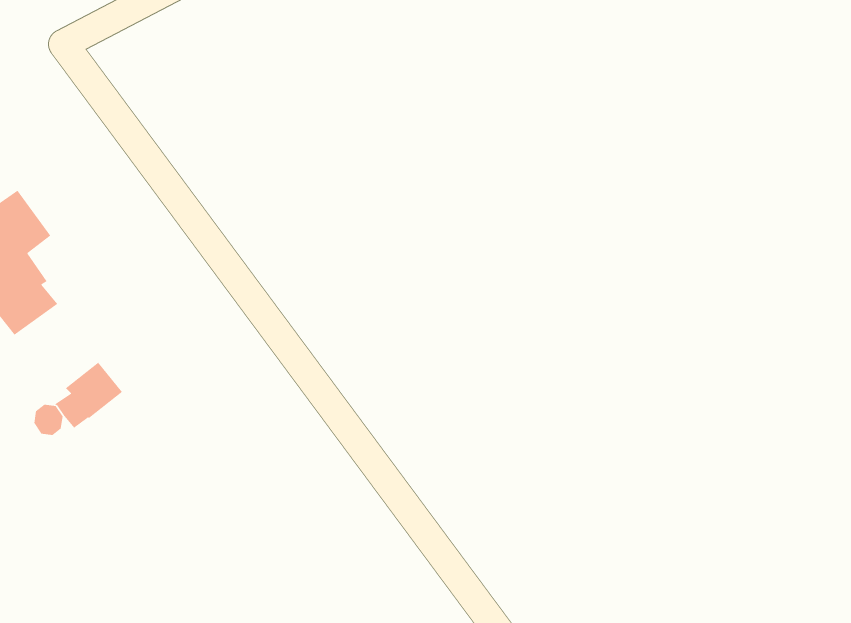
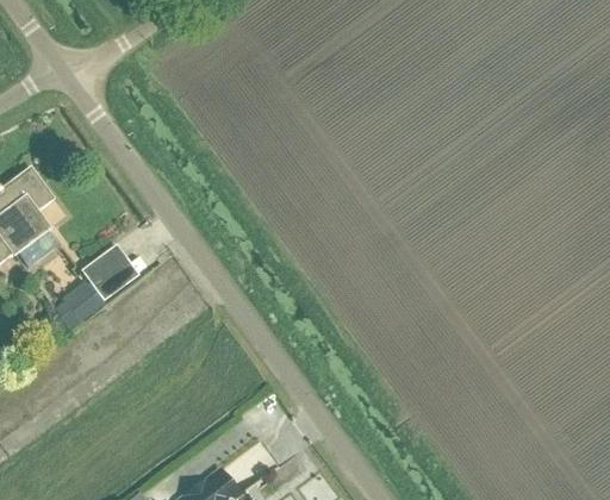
building: none -> [81,246,130,290]

